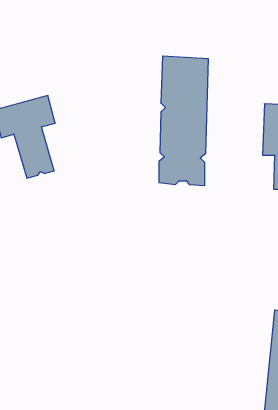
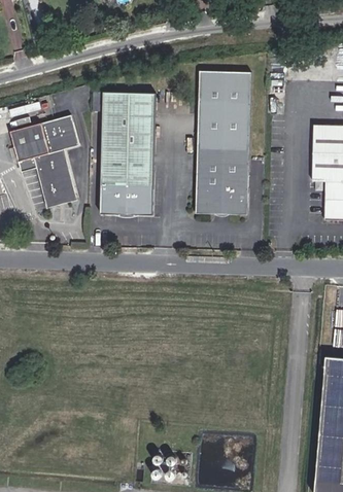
building: none -> [100,92,156,215]

